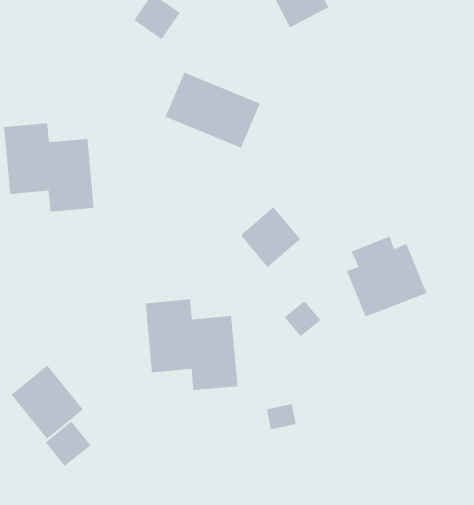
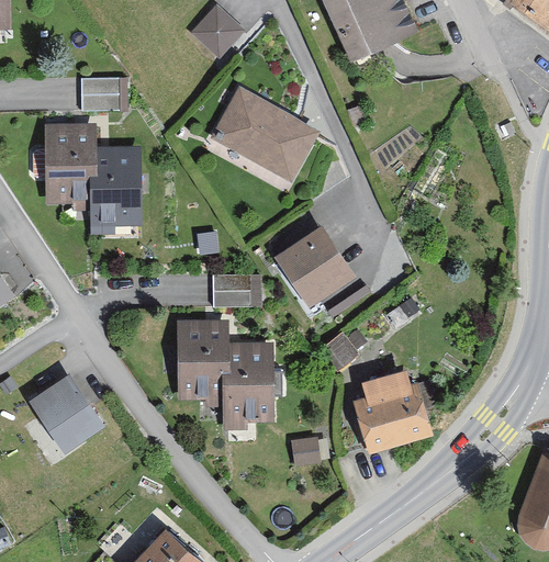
building: none -> [81,80,122,115]
building: [346,236,427,317] -> [355,369,436,450]
building: none -> [211,273,259,306]
building: [45,420,91,467] -> none

